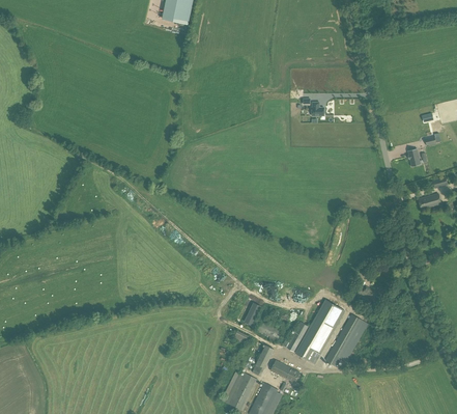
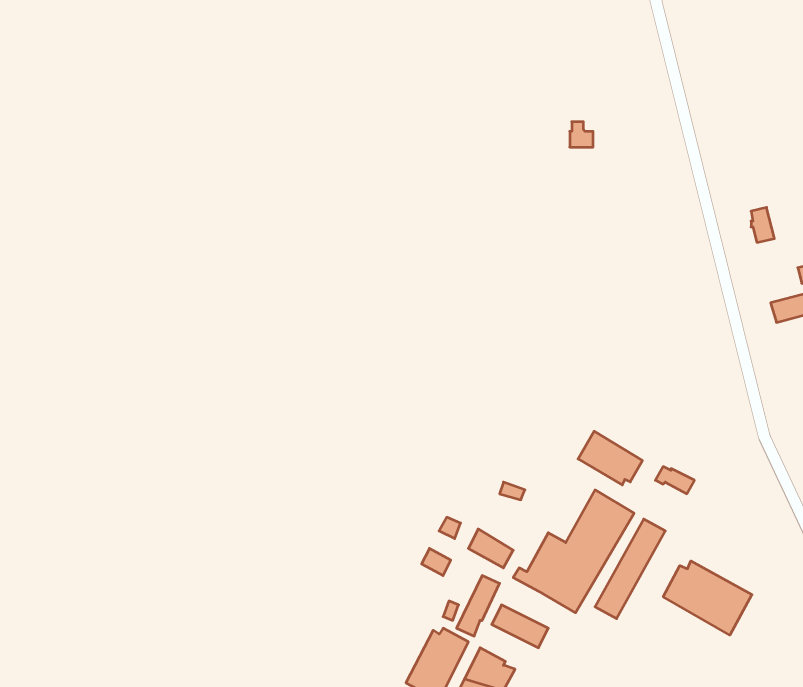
building: none -> [578,431,642,485]
building: none -> [663,561,752,635]

